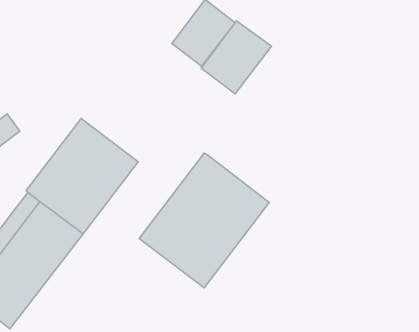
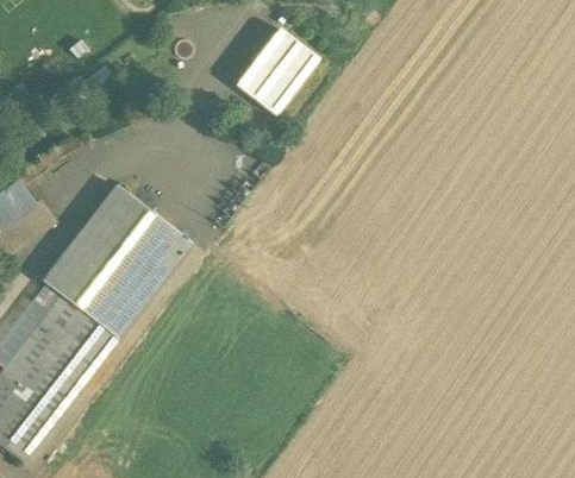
building: [201,21,271,94] -> none
building: [139,153,269,288] -> none

